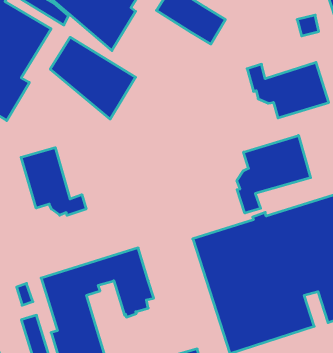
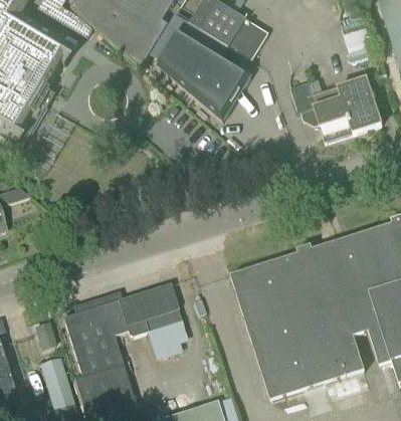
building: [50,37,136,119] -> [158,28,252,119]
building: [237,135,311,213] -> none
building: [21,148,86,215] -> none

